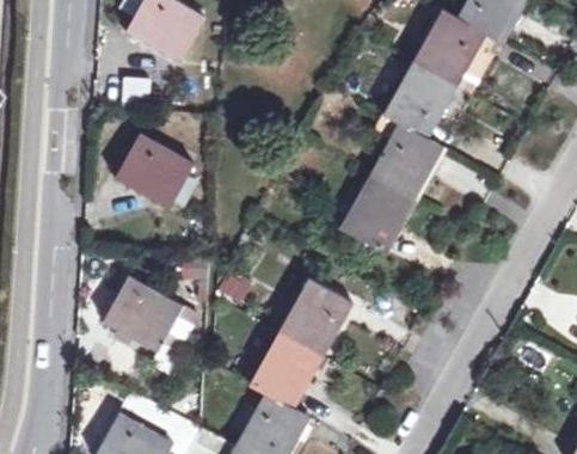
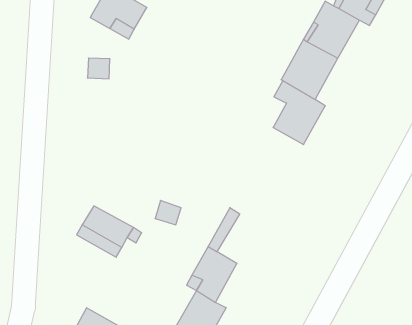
building: [116,134,194,209] -> none
building: [338,176,411,251] -> none
building: [296,290,351,356] -> none

